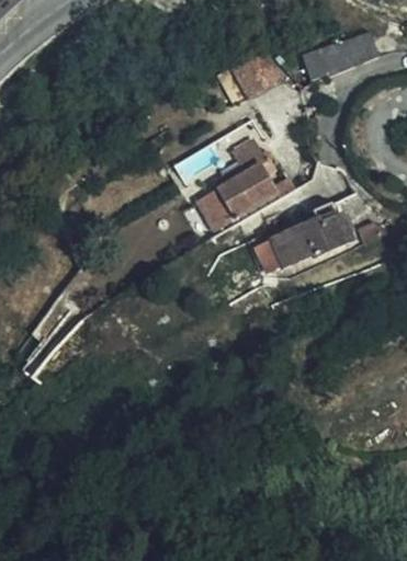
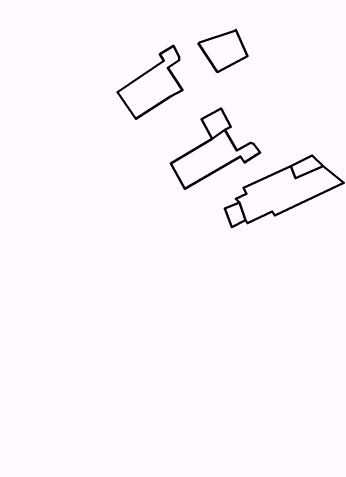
building: [302,33,375,81] -> none
building: none -> [118,46,182,119]

